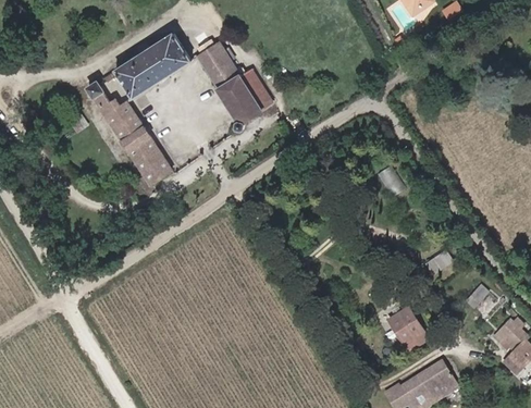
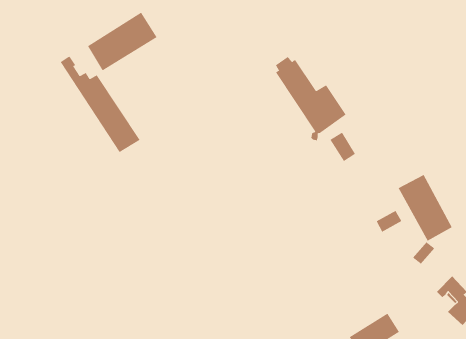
building: [197,40,274,132] -> [275,56,347,141]
building: none -> [398,174,453,242]
building: [387,305,420,338] -> none

